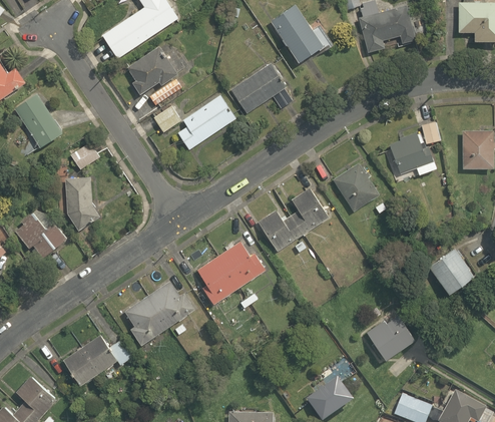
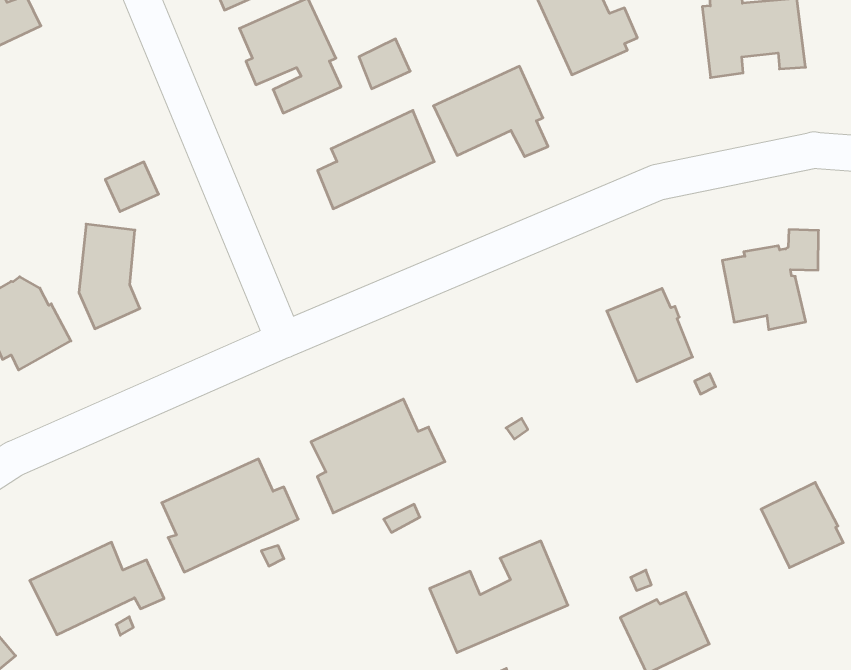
building: [14,93,63,147] -> none
building: [153,105,180,132] -> [359,39,410,89]
building: [258,187,329,251] -> [430,541,568,653]

